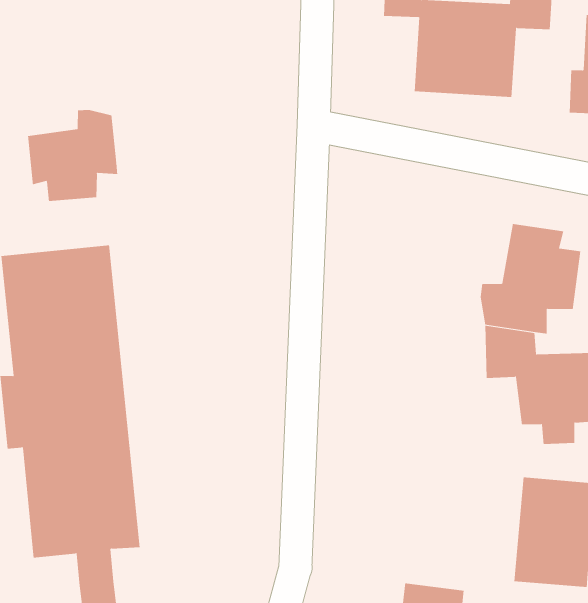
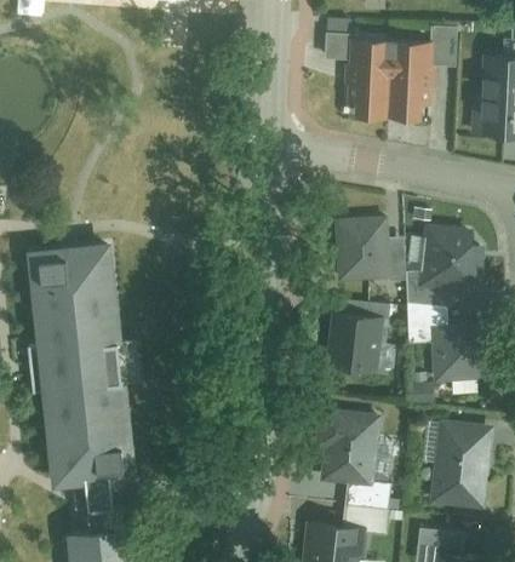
building: [27,109,118,202] -> none
building: none -> [334,217,406,281]
building: none -> [327,300,390,371]
building: none -> [304,405,394,511]

